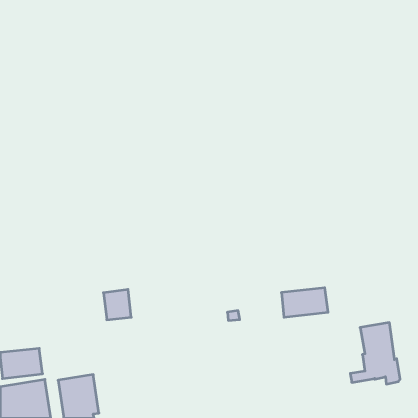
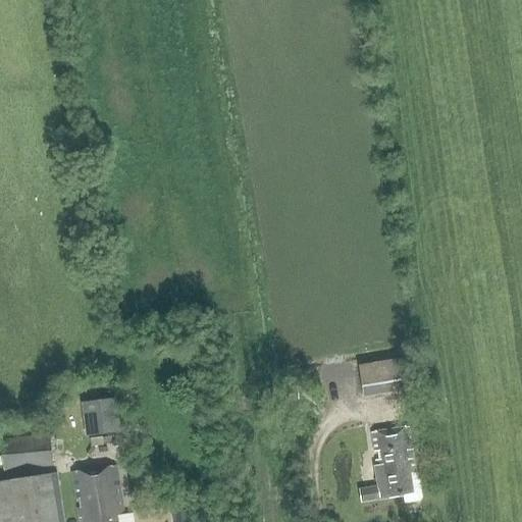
building: [103,289,131,320] -> [83,398,117,435]
building: [350,323,400,384] -> [357,427,419,504]

